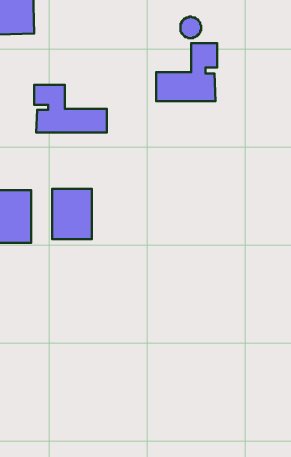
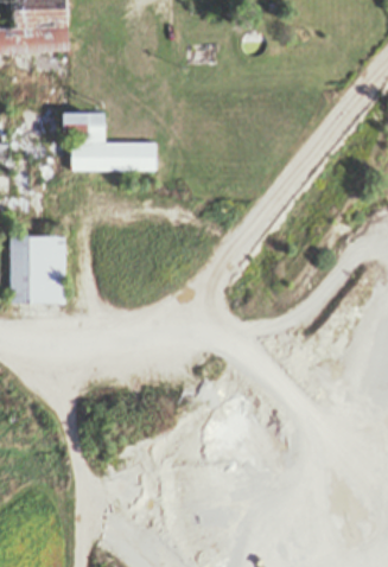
building: [156,43,217,101] -> none
building: [52,189,92,239] -> none

